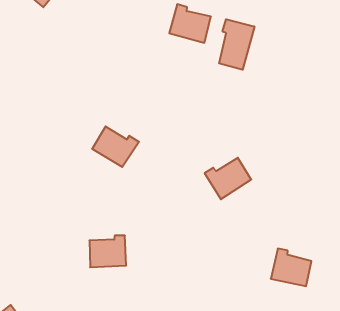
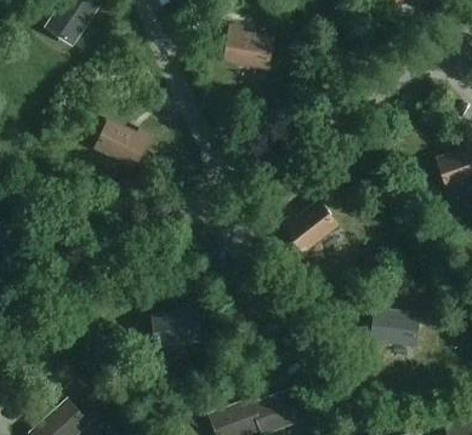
building: [219,19,254,70] -> none
building: [92,126,139,167] -> [96,121,150,167]

